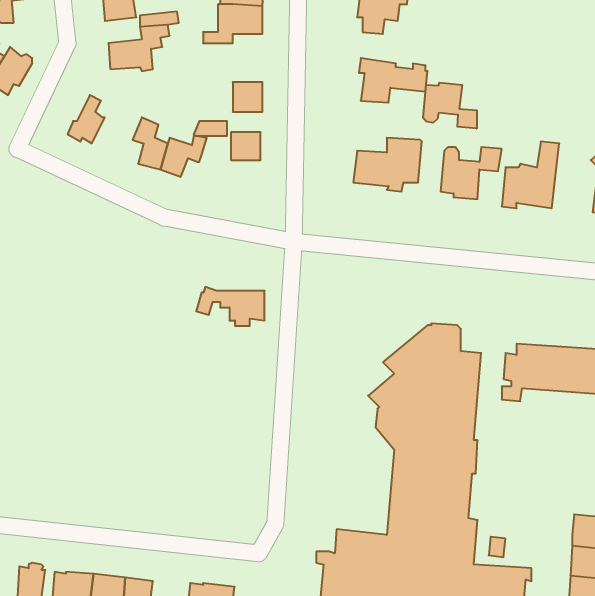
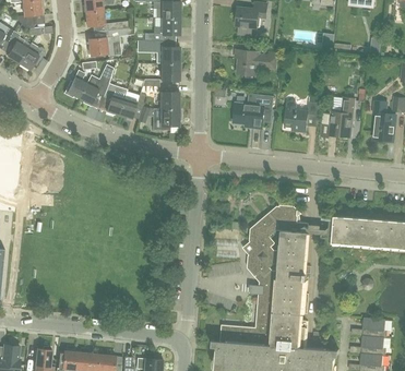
building: none -> [143,40,179,63]
building: [423,83,477,129] -> none
building: none -> [79,65,112,106]
building: [196,287,265,326] -> [138,107,178,130]

